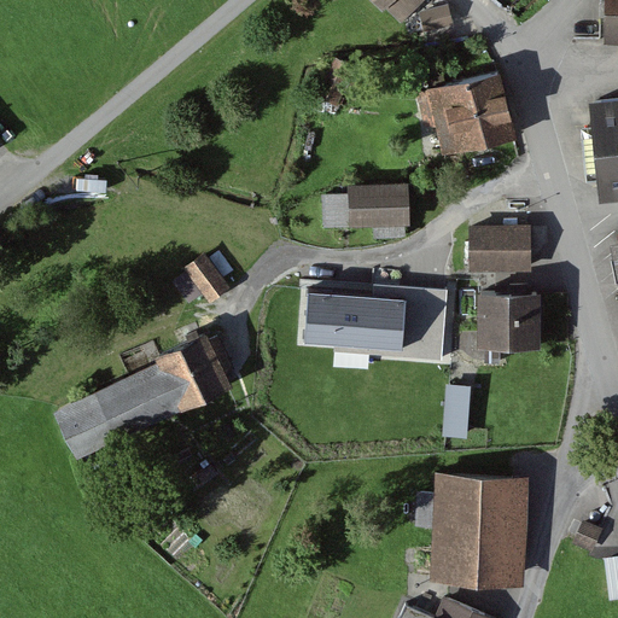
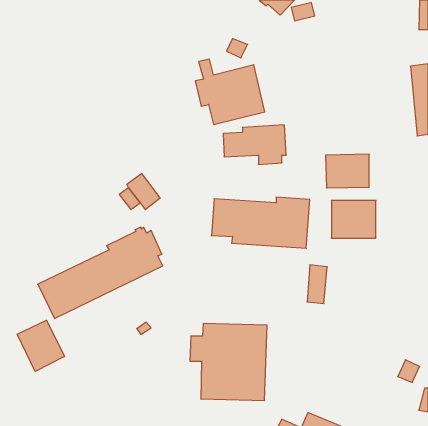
building: [416,63,517,157] -> [195,59,265,125]
building: none -> [17,320,64,371]
building: [416,474,527,585] -> [190,323,267,401]

